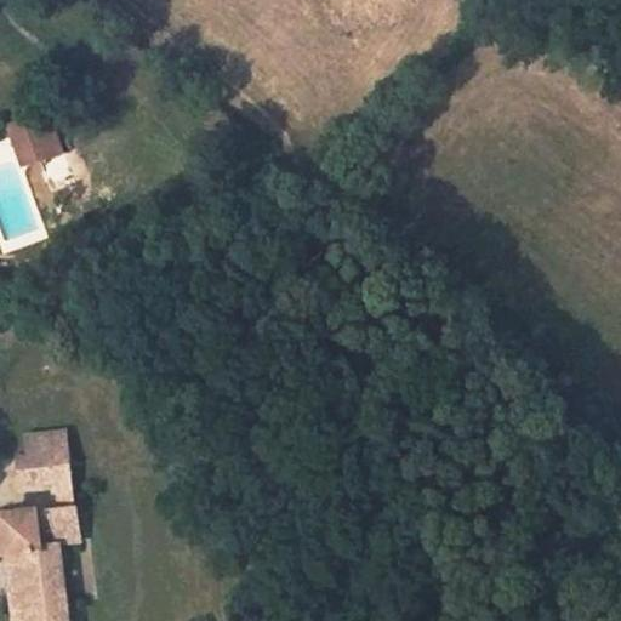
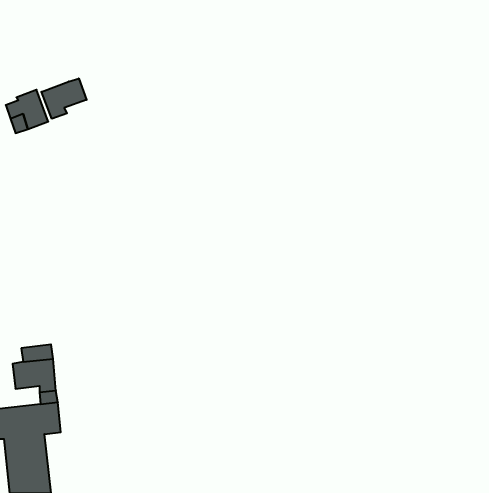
building: none -> [41,78,87,119]

